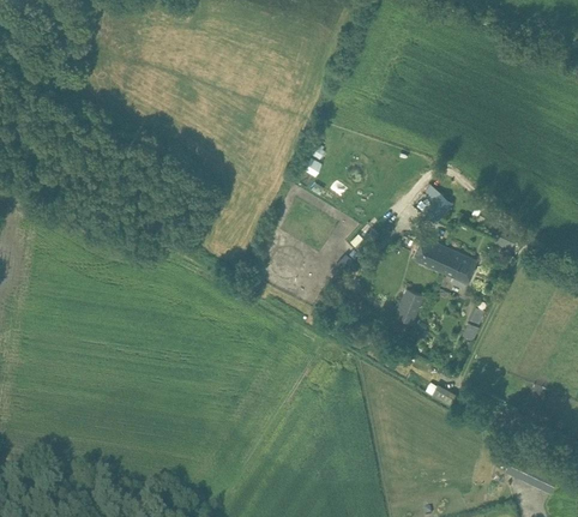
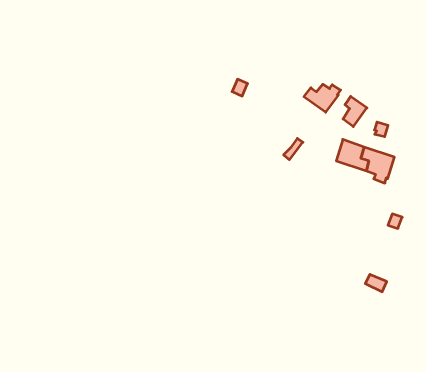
building: none -> [304,84,341,112]
building: [392,290,422,326] -> none

